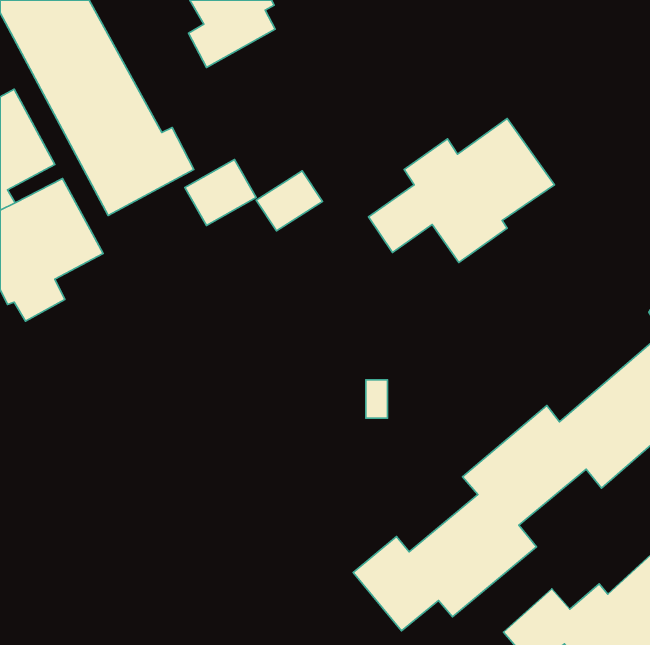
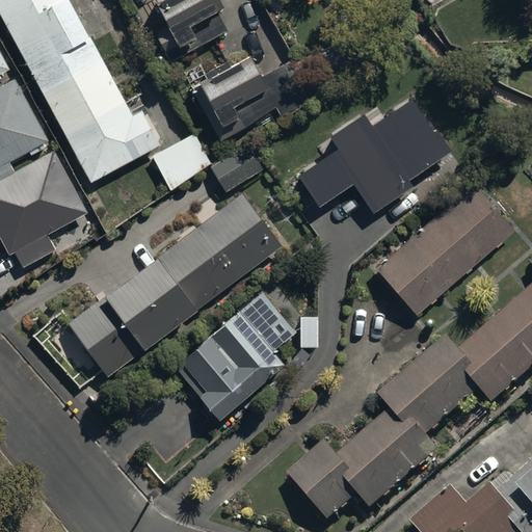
building: none -> [184,34,314,138]
building: none -> [374,181,512,313]
building: none -> [66,193,281,376]
building: none -> [174,291,294,420]

